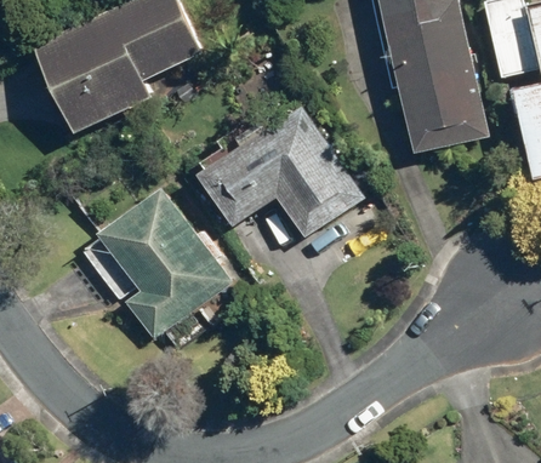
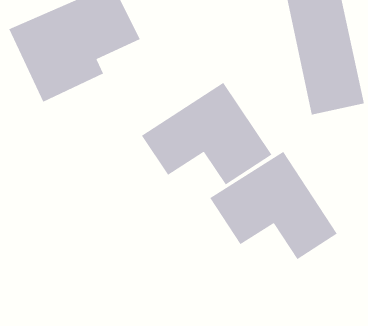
building: [81,185,230,339] -> none
building: none -> [209,151,338,260]

